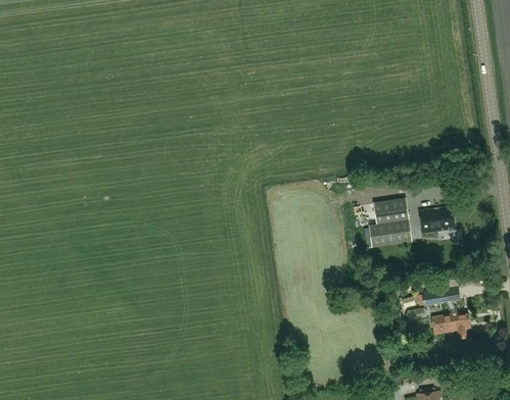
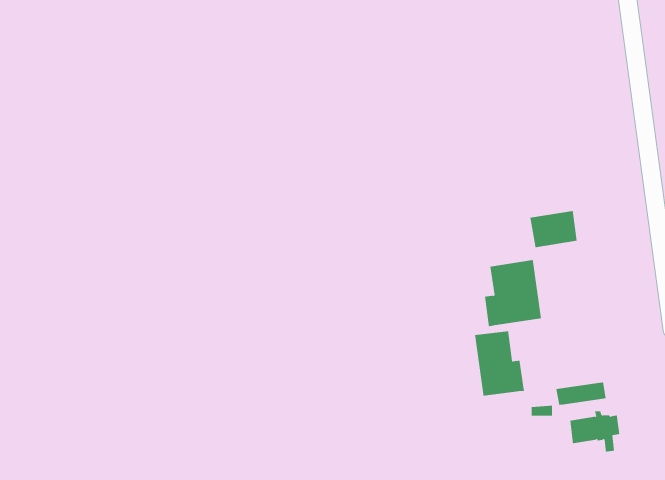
building: [418,206,454,234] -> [529,211,577,248]
building: none -> [475,331,524,396]

